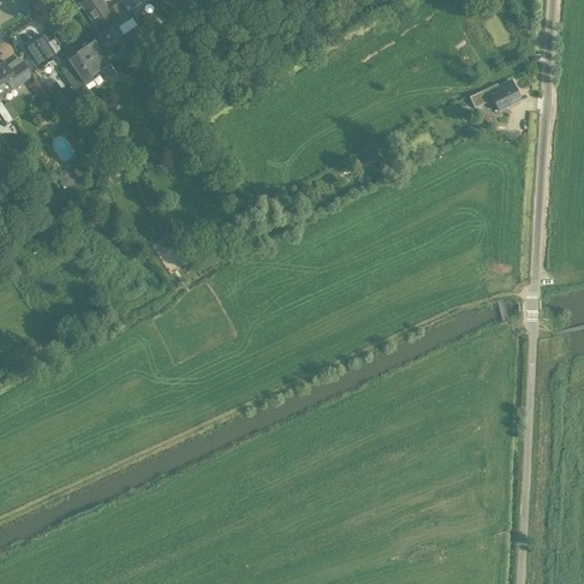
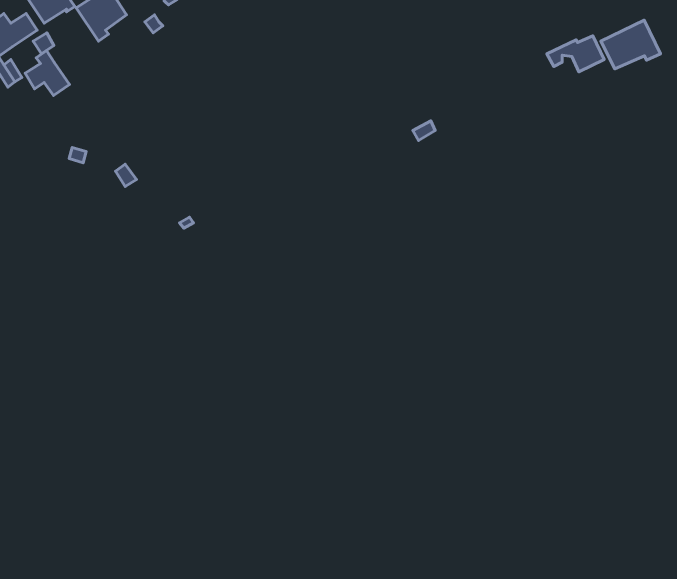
building: none -> [601,20,660,69]
building: none -> [25,51,69,95]

